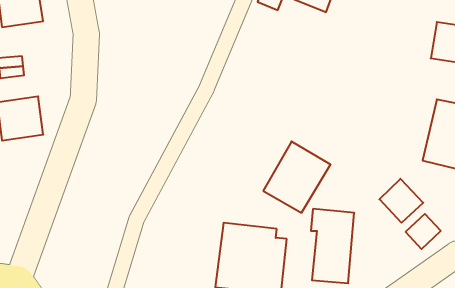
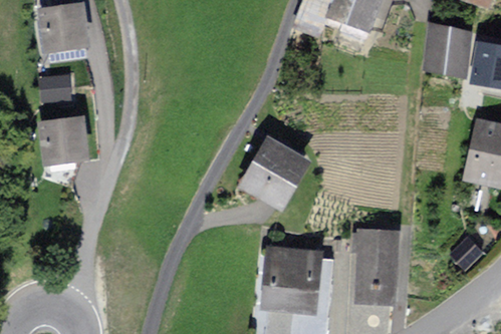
building: none -> [427,26,470,71]
building: [263,141,331,213] -> [240,137,307,209]
building: [379,179,423,223] -> none

